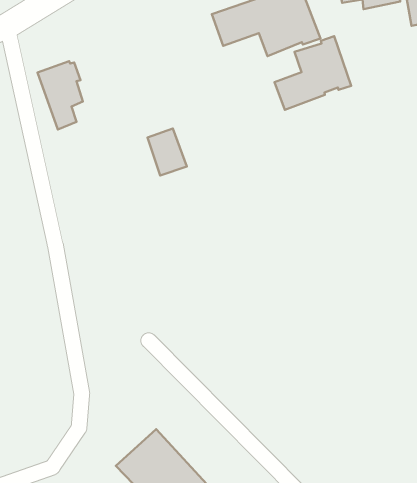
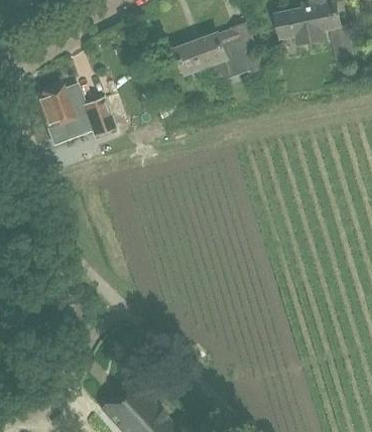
building: [275,36,351,110] -> none
building: [148,129,187,175] -> [83,98,114,135]

